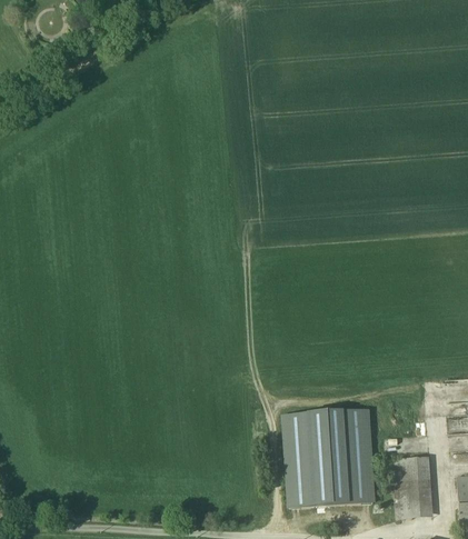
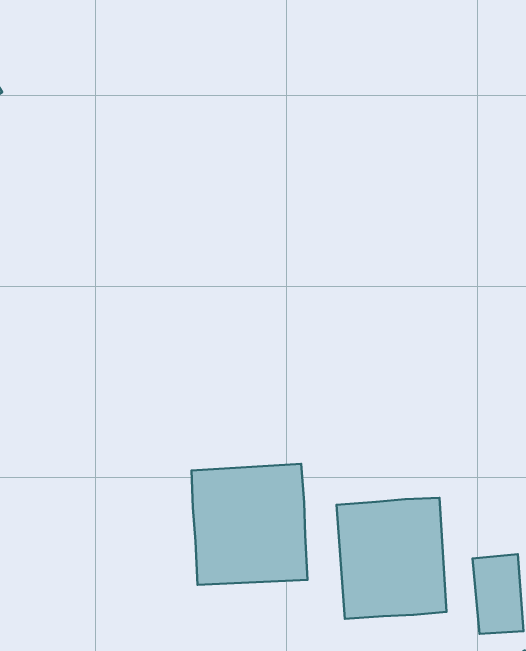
building: none -> [191,464,307,585]

